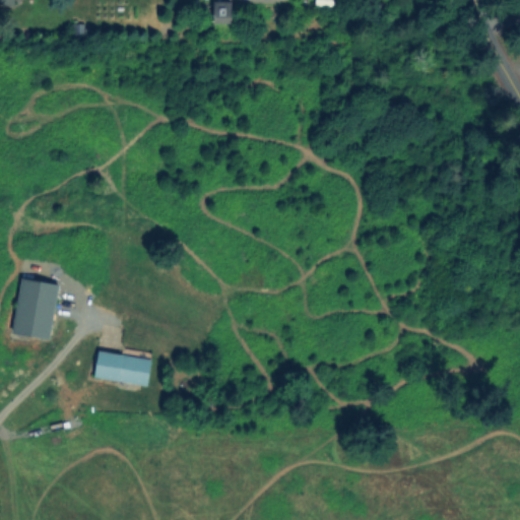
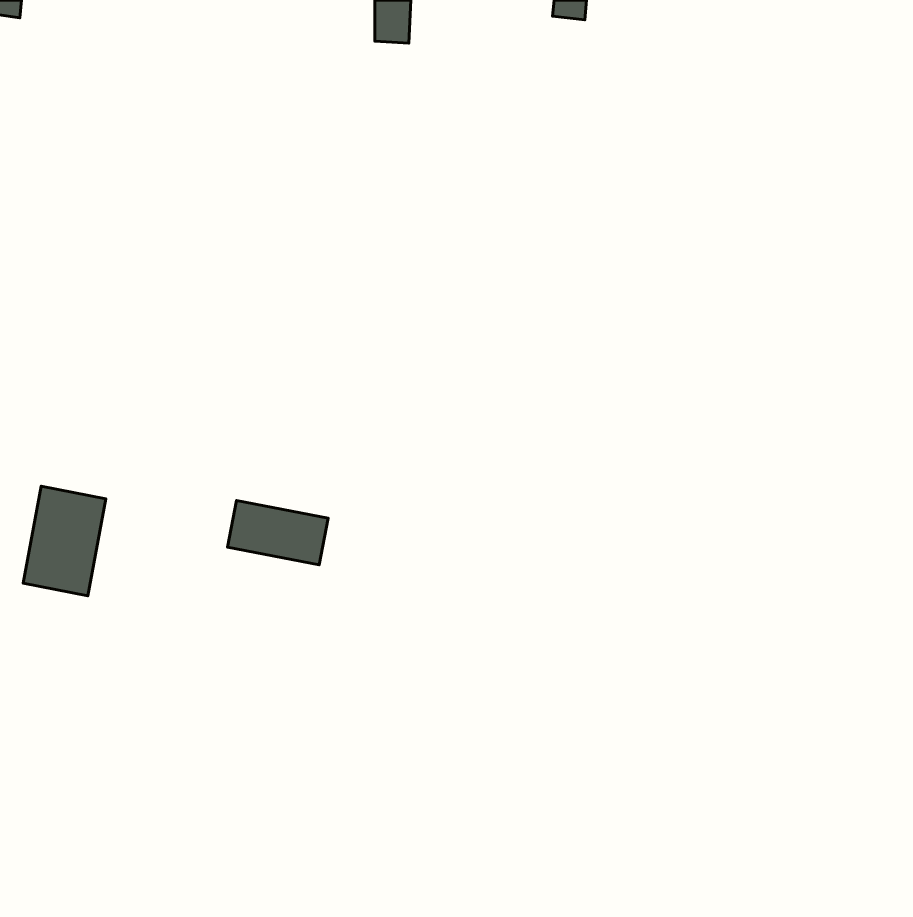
building: [92,350,149,387] -> [228,500,328,565]

